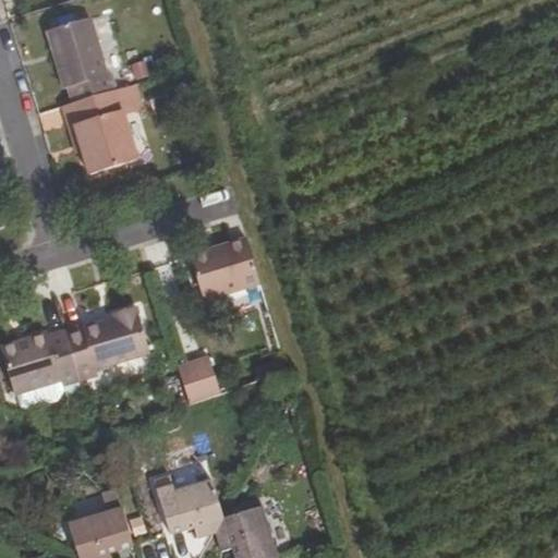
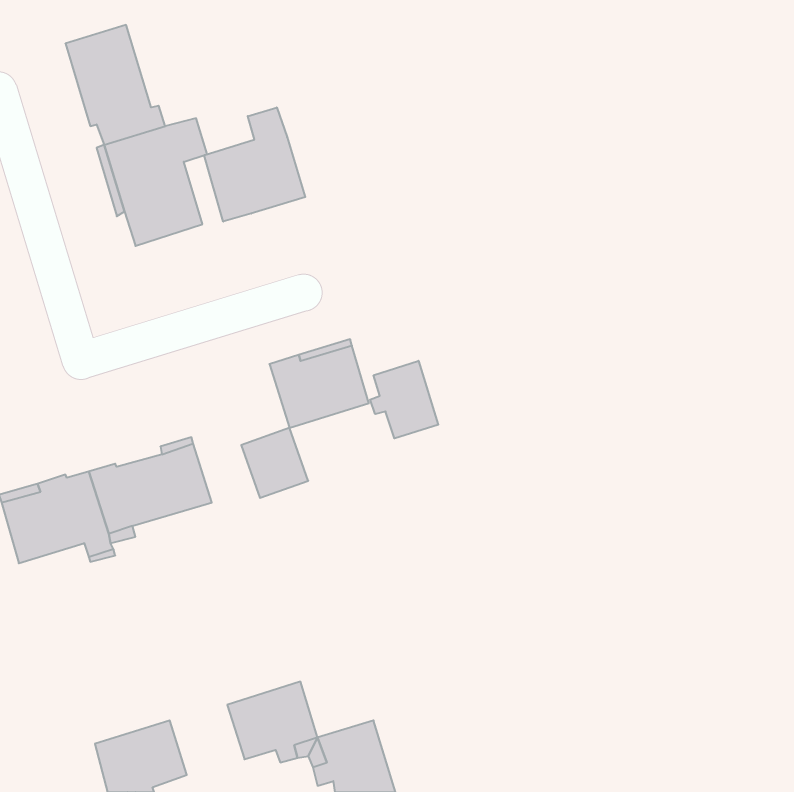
building: none -> [204,107,305,222]
building: none -> [370,361,438,438]
building: [170,353,217,402] -> [241,428,308,498]

